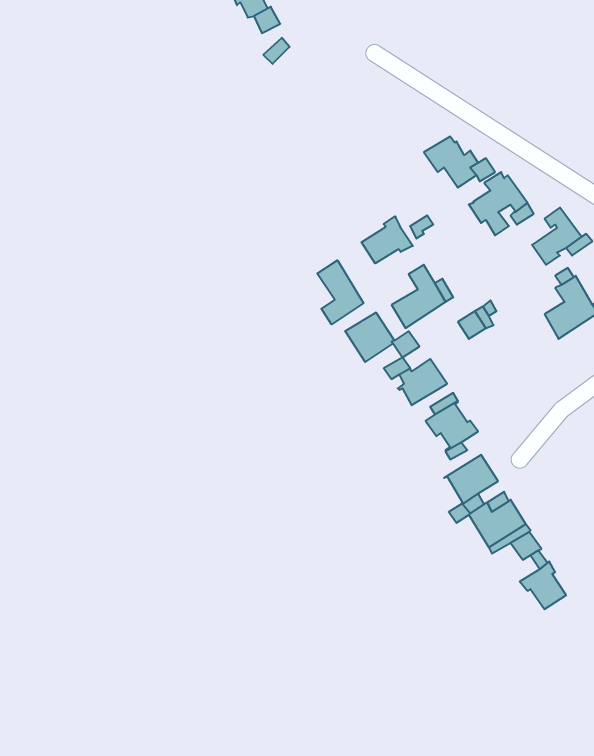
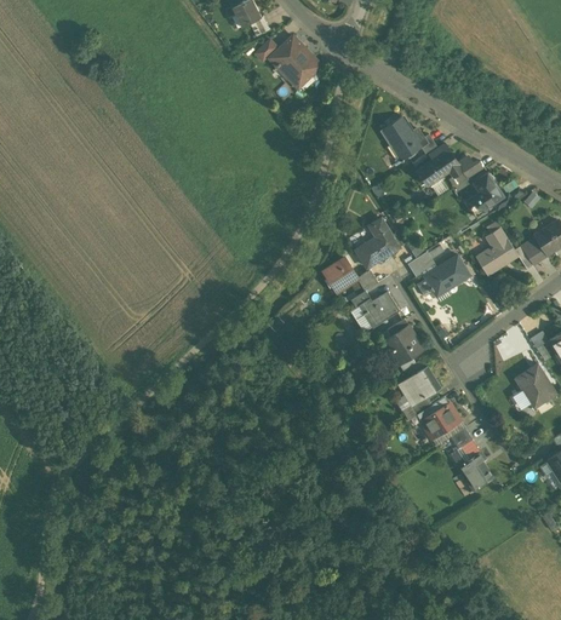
building: none -> [269,35,321,87]
building: [361,216,413,263] -> none
building: [317,260,363,324] -> none
building: none -> [417,254,470,297]

